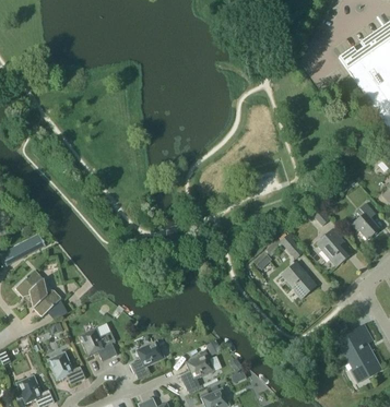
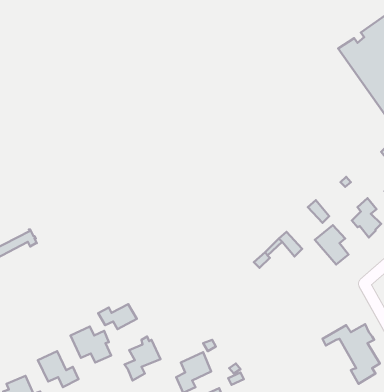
building: [282,263,315,297] -> none
building: [14,270,60,316] -> none
building: none -> [98,304,137,329]

